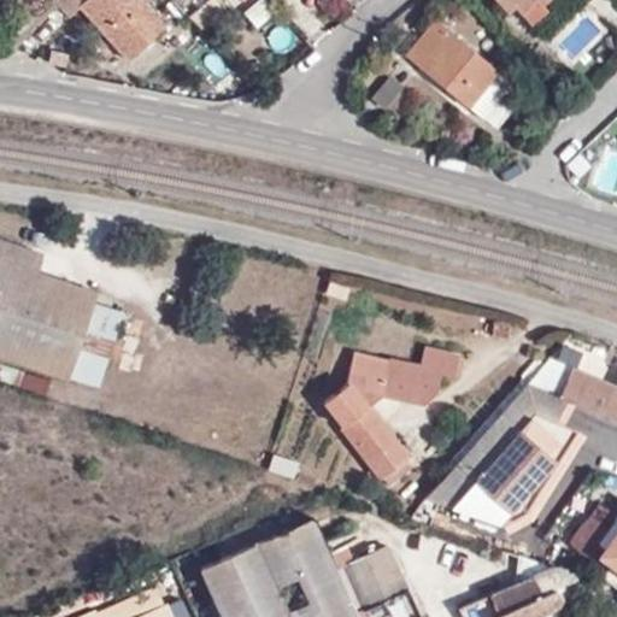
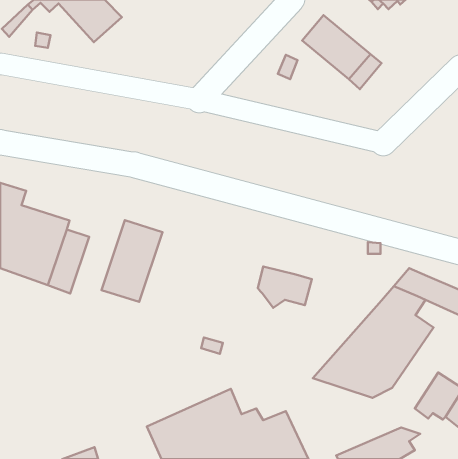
building: none -> [102,220,162,302]
building: [411,353,460,412] -> none
building: [321,386,410,487] -> none

